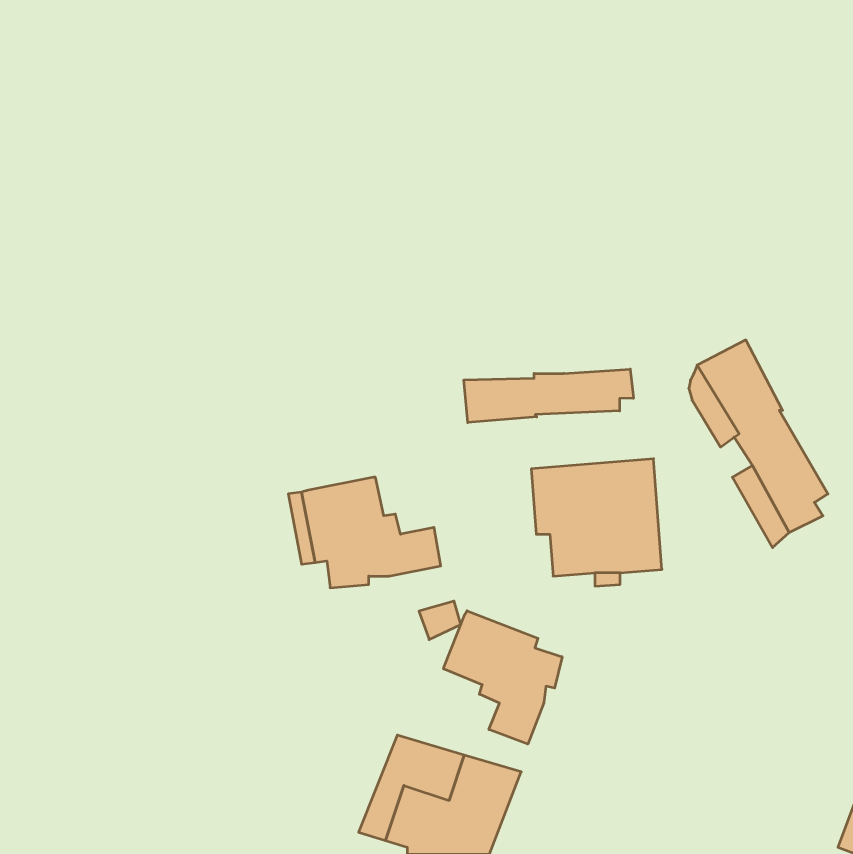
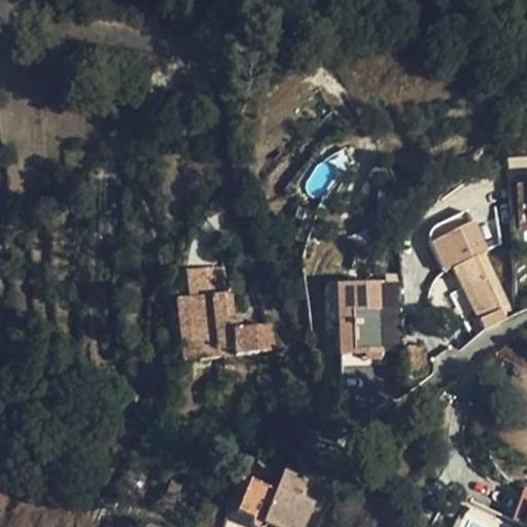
building: [464,369,633,423] -> none
building: none -> [185,268,232,302]
building: [444,611,562,744] -> none

